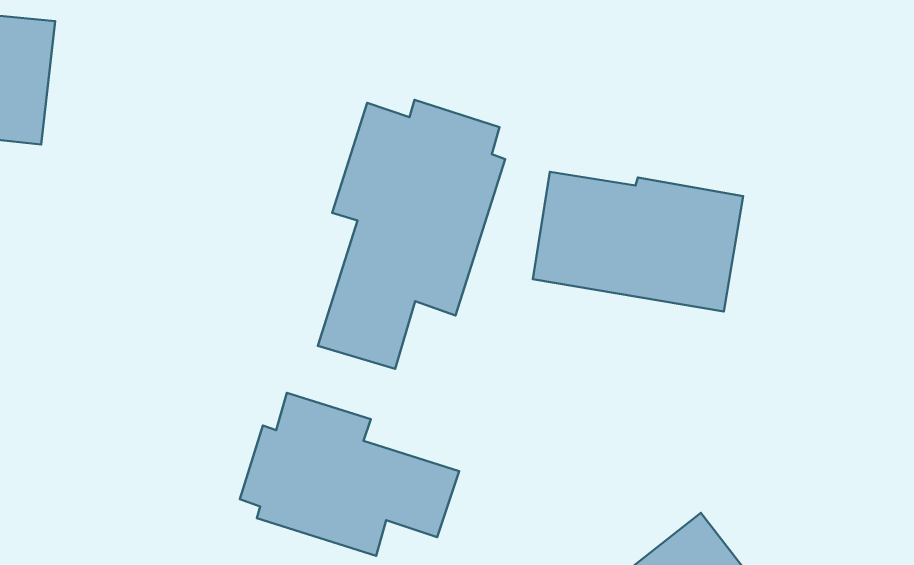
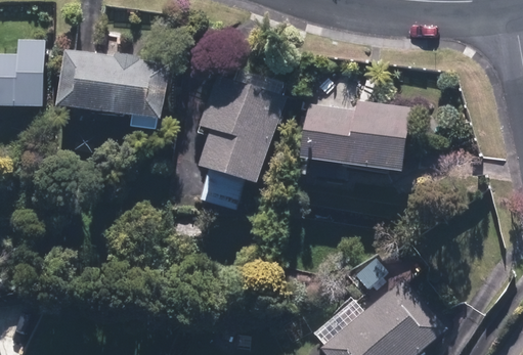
building: none -> [56,50,167,129]
building: [240,393,459,556] -> none

